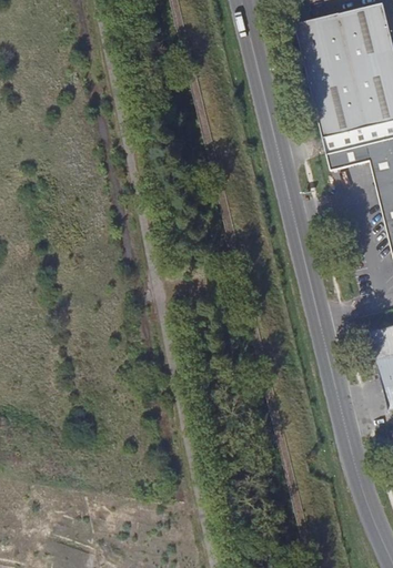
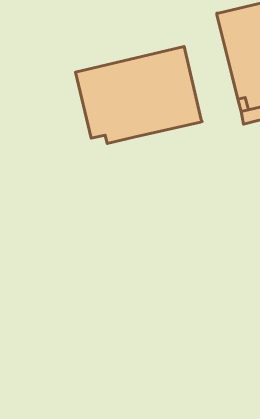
building: none -> [76,46,202,143]

